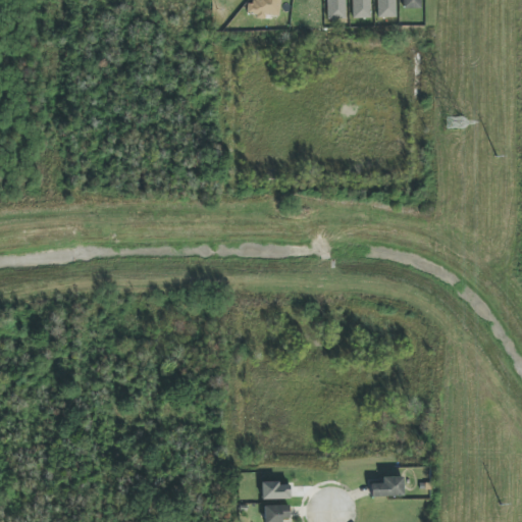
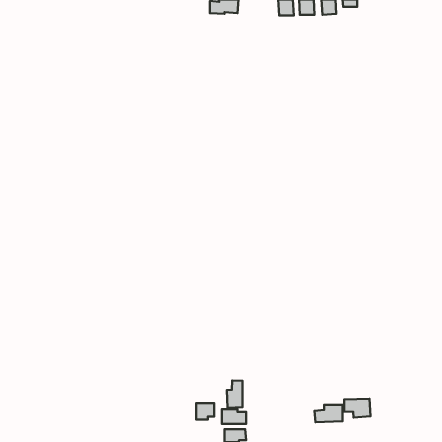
building: none -> [227,381,243,408]
building: none -> [344,399,371,418]
building: none -> [196,403,214,419]

